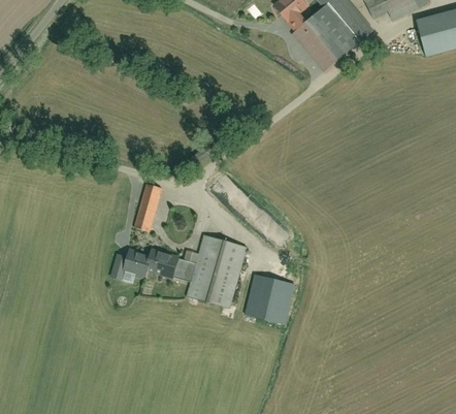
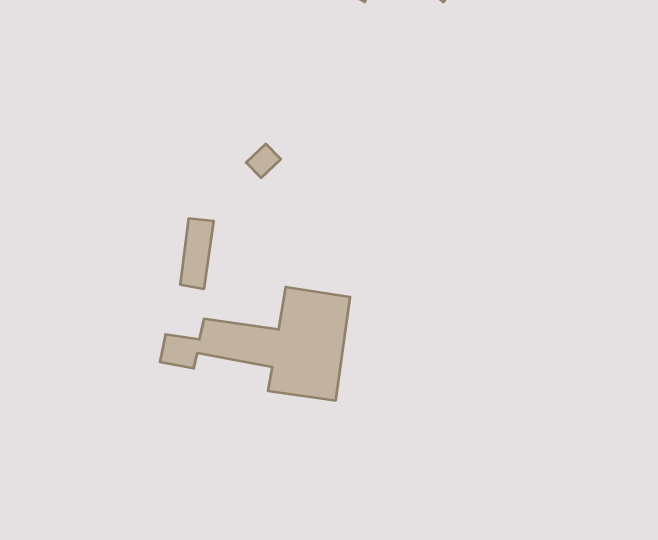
building: [247,275,292,328] -> none

